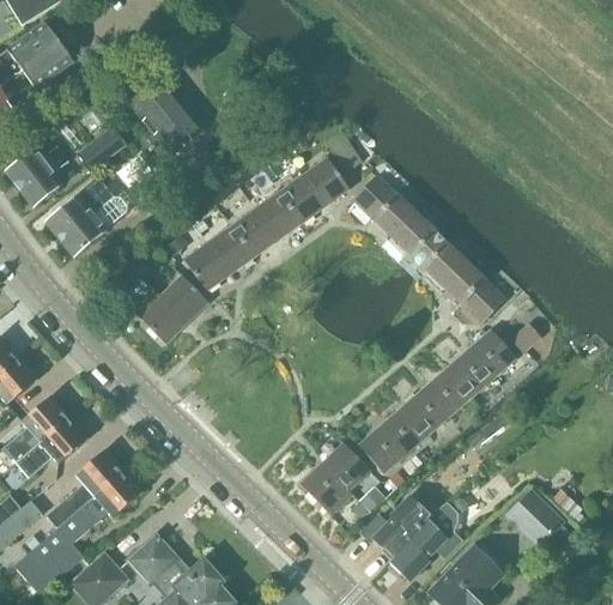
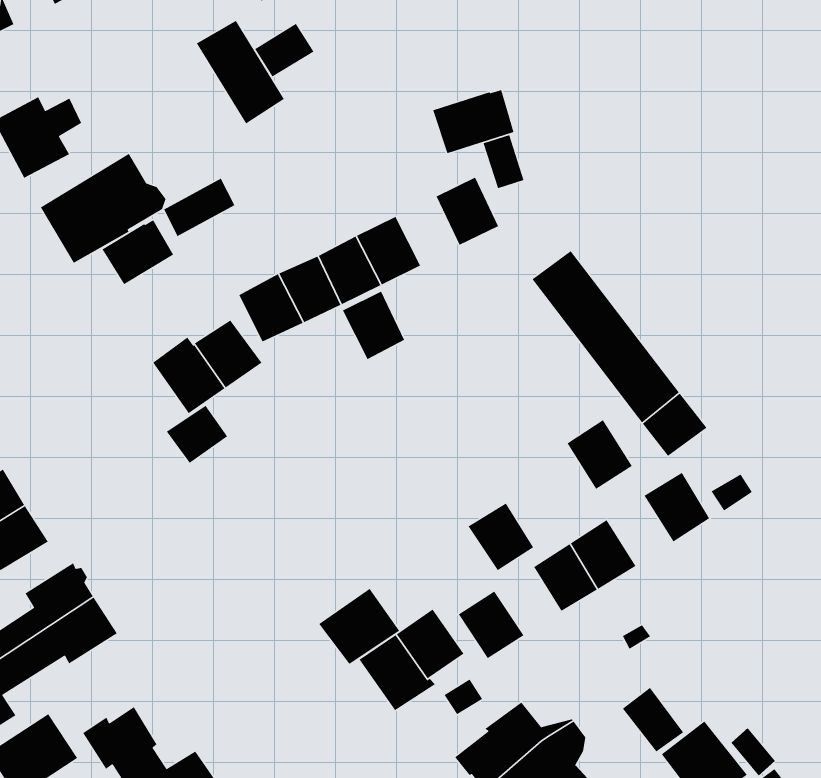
building: none -> [254,23,314,78]
building: none -> [432,89,515,154]
building: [77,128,123,171] -> [163,178,235,237]
building: [279,175,323,222] -> [342,290,405,360]
building: [353,176,396,219] -> none
building: none -> [102,219,174,285]
building: none -> [166,405,228,464]
building: [447,349,492,395] -> [566,419,633,490]
building: [381,406,426,452] -> [468,503,534,571]
building: none -> [318,588,400,665]
building: none -> [622,687,684,753]

